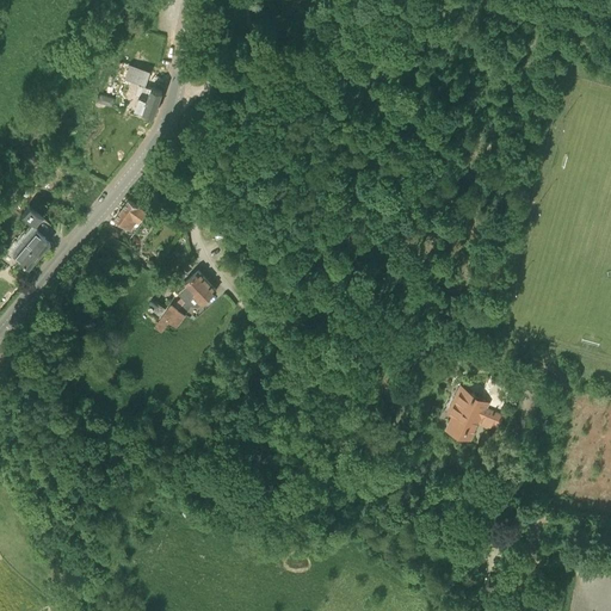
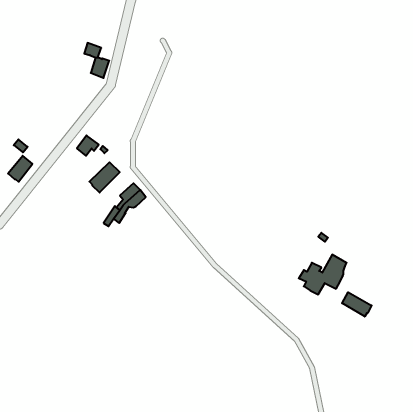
building: none -> [89,162,120,193]
building: none -> [342,292,372,317]

